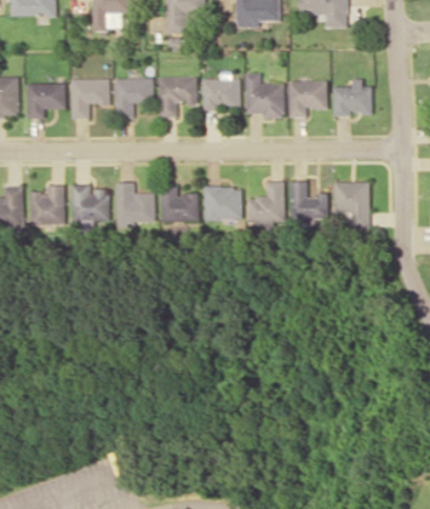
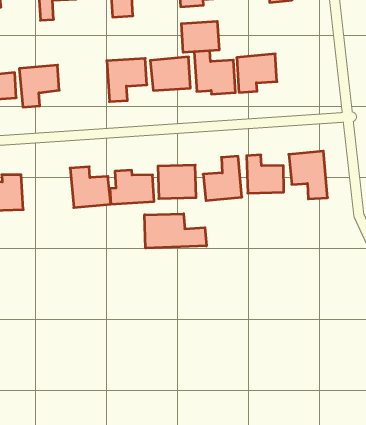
building: none -> [181,21,219,52]
building: [114,79,153,119] -> none
building: [333,79,372,118] -> none
building: [70,185,107,219] -> none
building: none -> [145,214,206,248]

